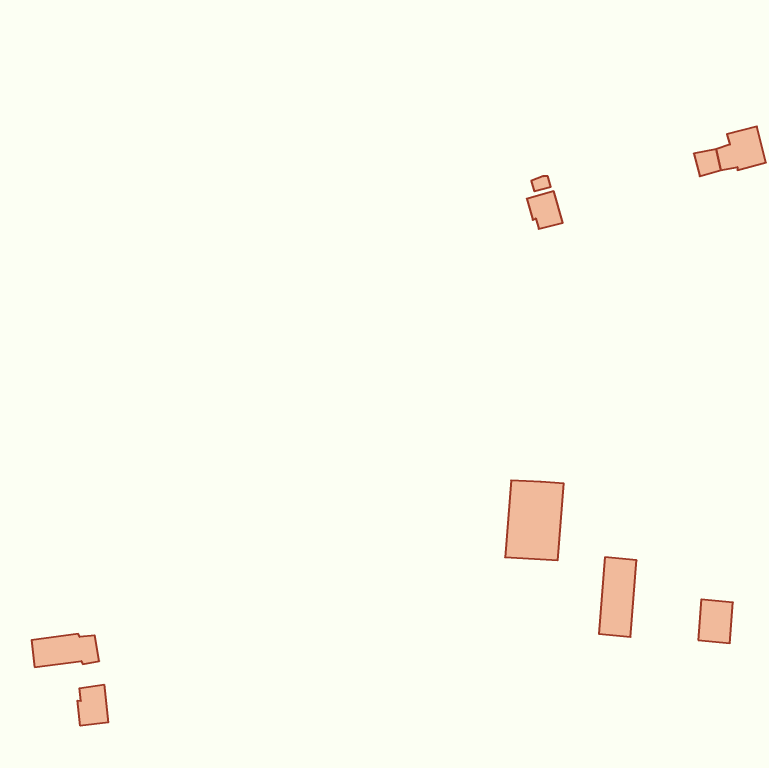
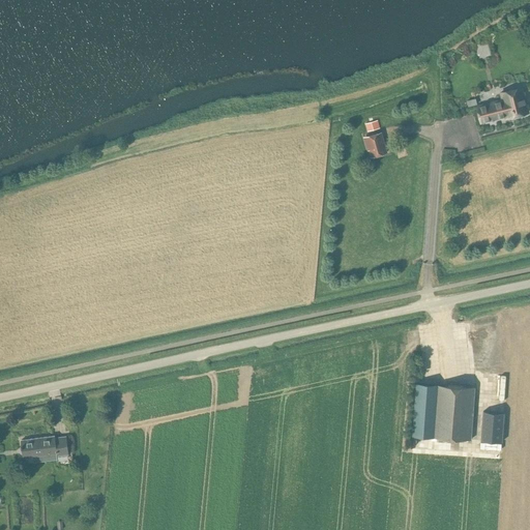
building: [505,480,564,560] -> [434,386,474,441]
building: [77,685,108,726] -> none

